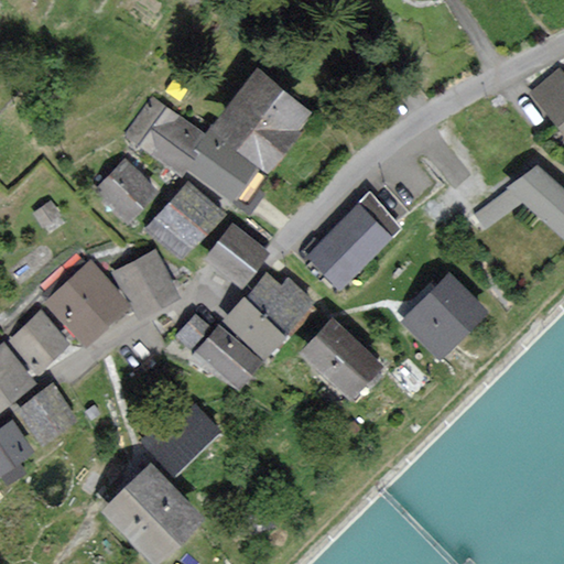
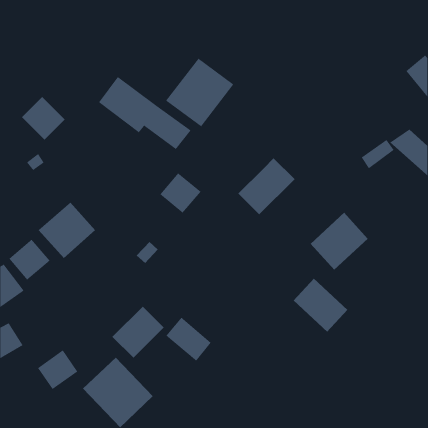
building: [97,163,155,221] -> [21,96,66,141]
building: [153,186,220,256] -> none
building: [117,253,177,315] -> none
building: [227,278,311,356] -> none
building: [306,323,379,394] -> [293,278,348,332]
building: [199,327,260,386] -> [165,317,212,361]
building: [21,389,75,442] -> [37,350,78,390]

